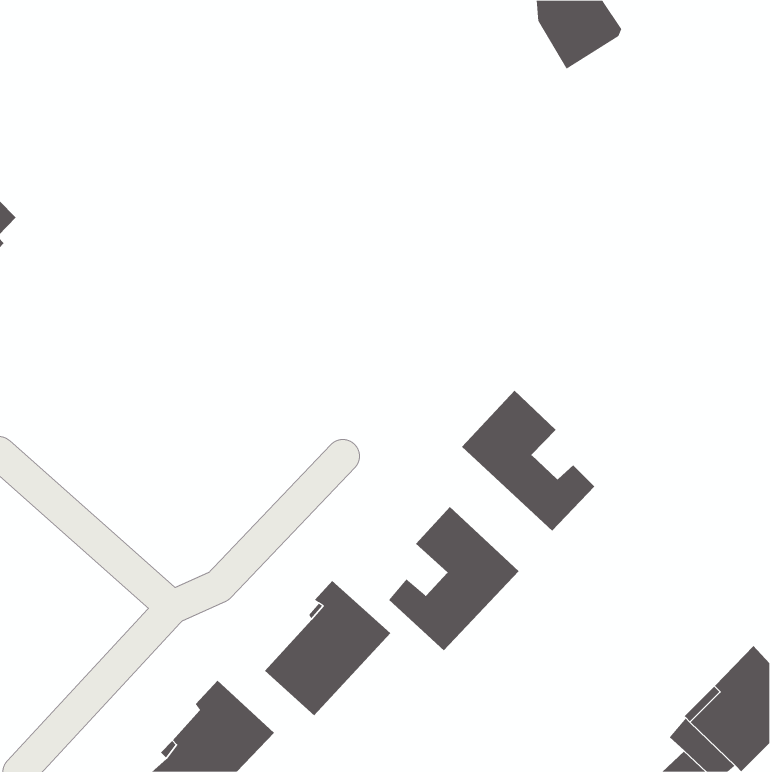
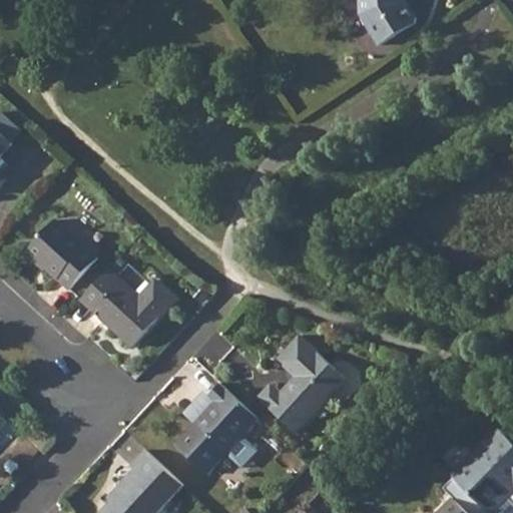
building: none -> [26,220,97,291]
building: [461,390,595,532] -> none
building: none -> [79,270,174,348]

